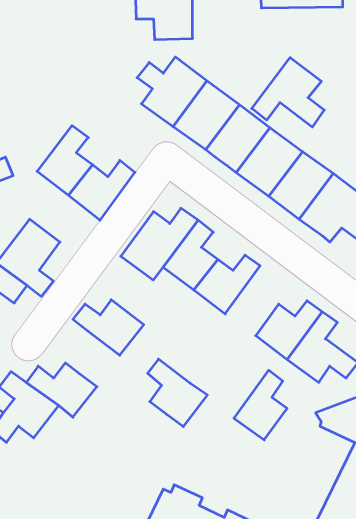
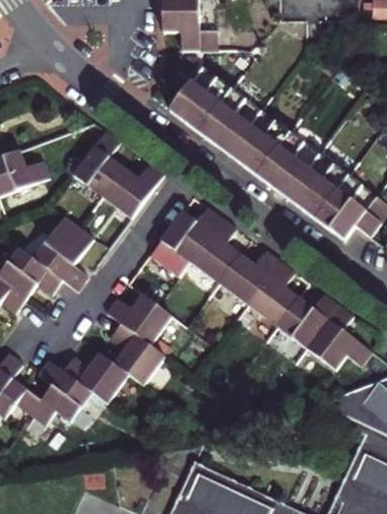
building: [252,58,324,127] -> none
building: [148,359,207,427] -> [110,322,166,385]
building: [234,370,287,440] -> [248,261,298,326]

